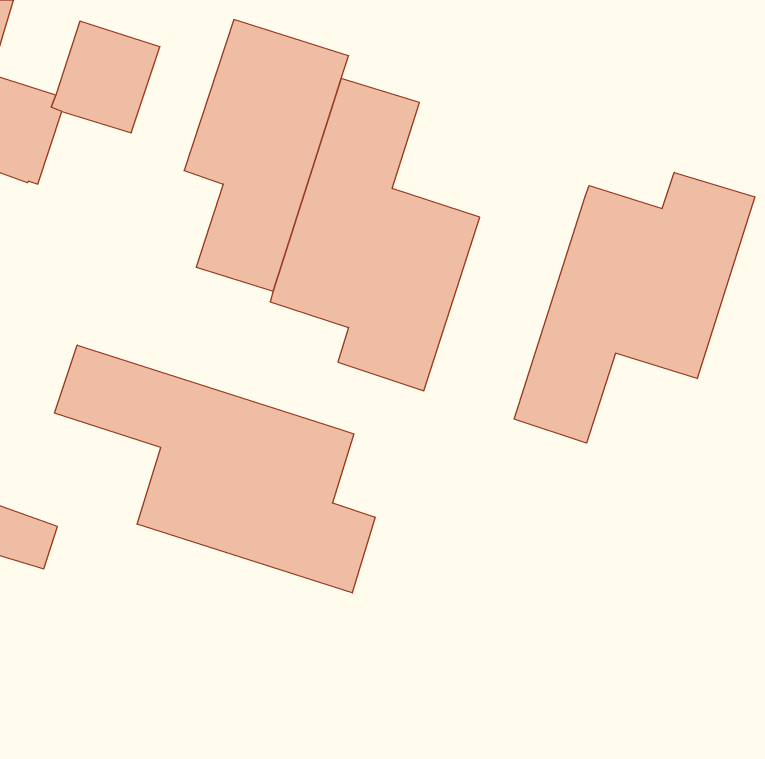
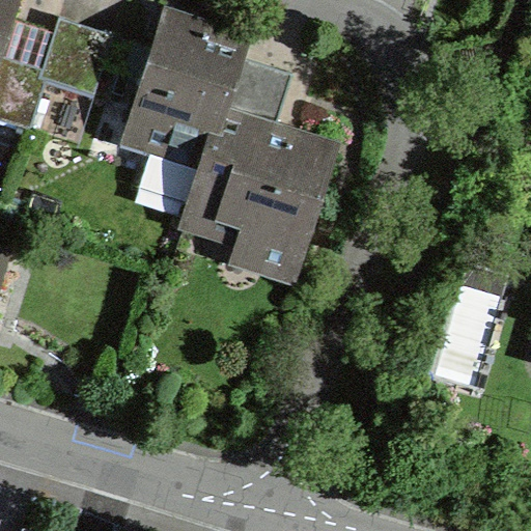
building: [514,172,755,443] -> none
building: [54,345,375,593] -> none

